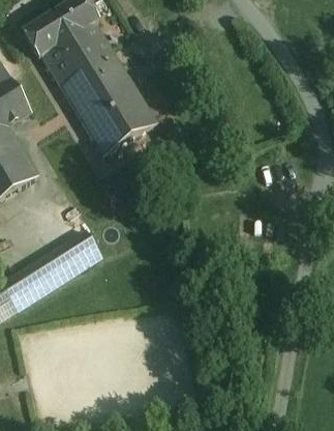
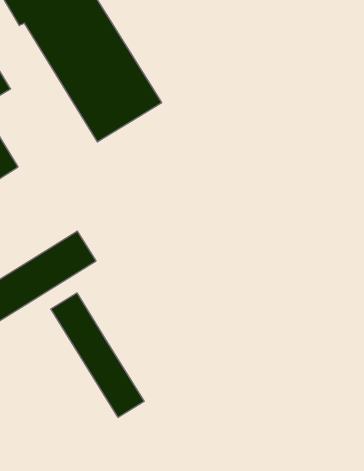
building: none -> [51,293,144,417]

